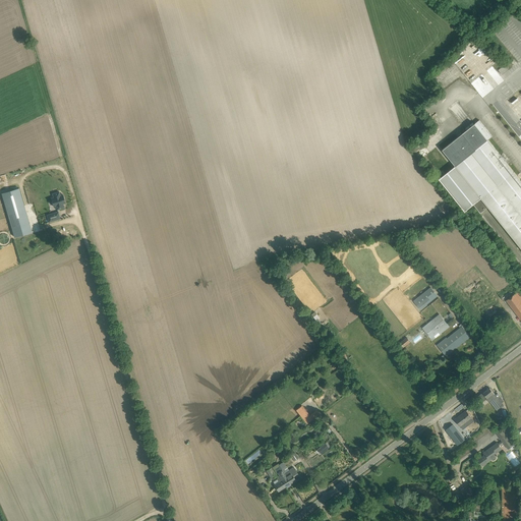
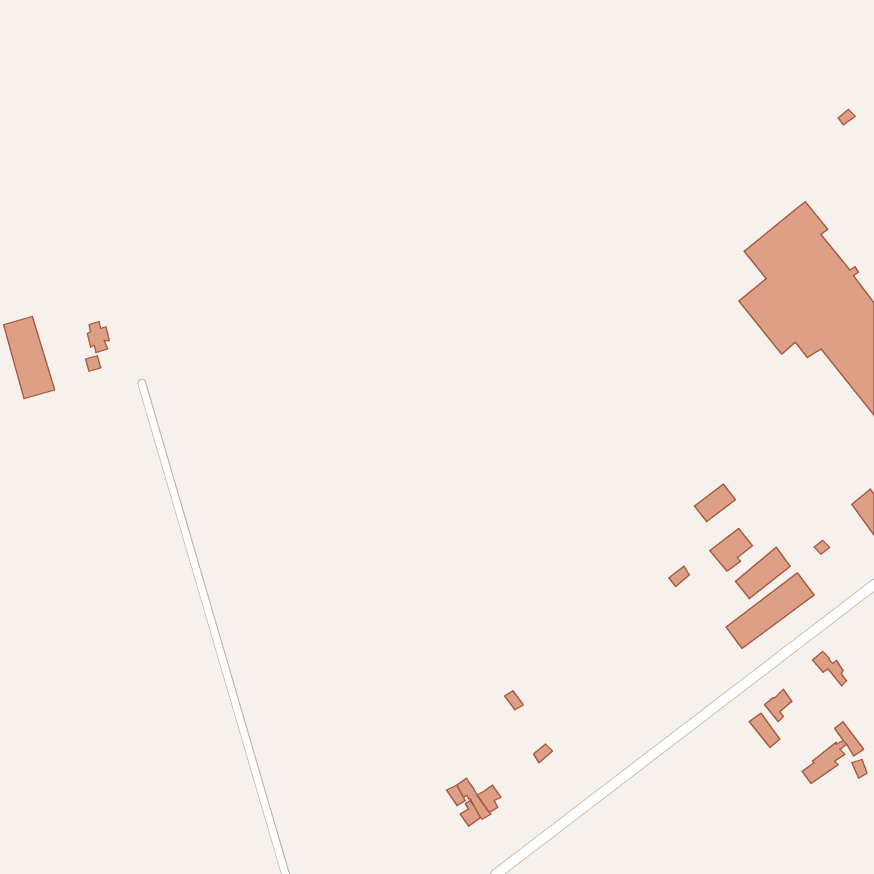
building: none -> [726,573,814,648]

